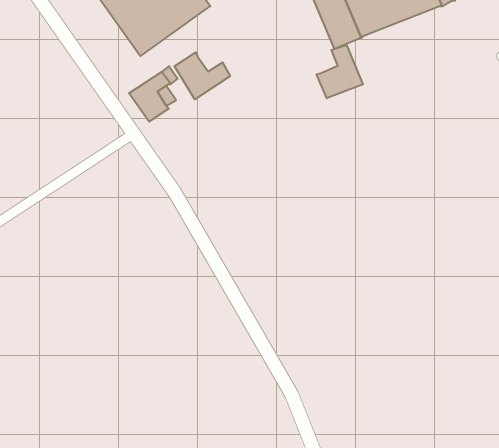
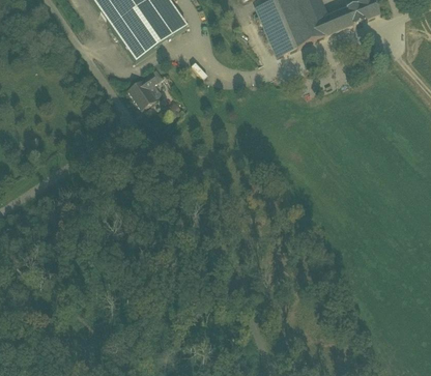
building: [317,45,363,98] -> none
building: [175,52,230,99] -> none

